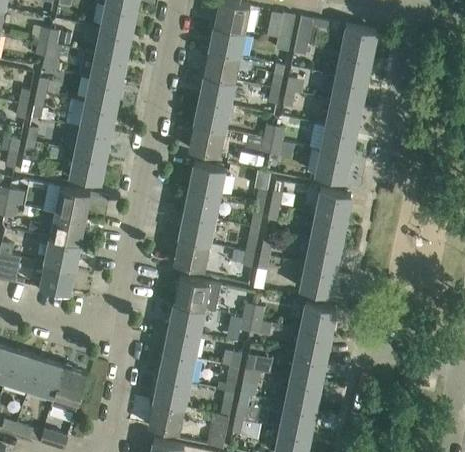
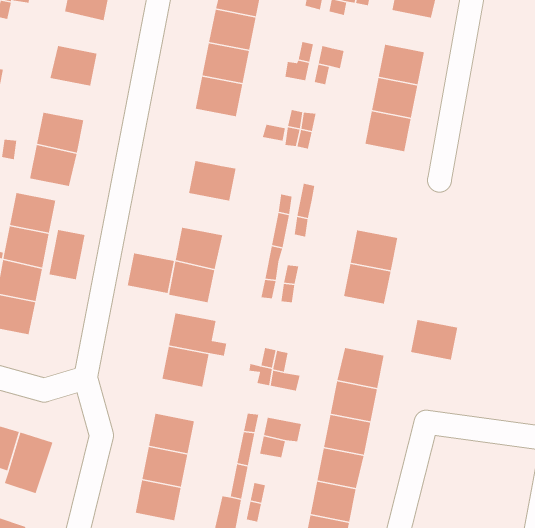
building: [336,51,371,82] -> none
building: [91,52,126,83] -> none
building: [80,102,116,133] -> none
building: [189,125,225,156] -> none
building: [316,151,351,182] -> none
building: [184,188,220,219] -> [127,253,175,294]
building: [315,189,351,221] -> none
building: none -> [48,229,86,280]
building: [300,265,336,296] -> [410,319,458,361]
building: [164,327,200,358] -> none

